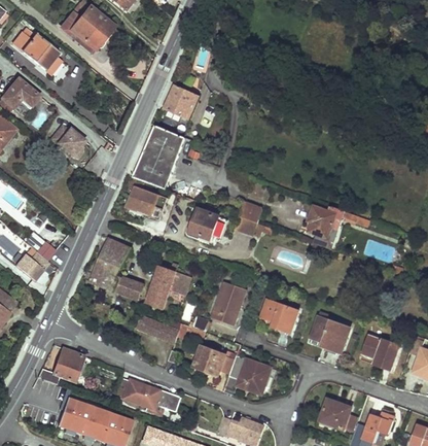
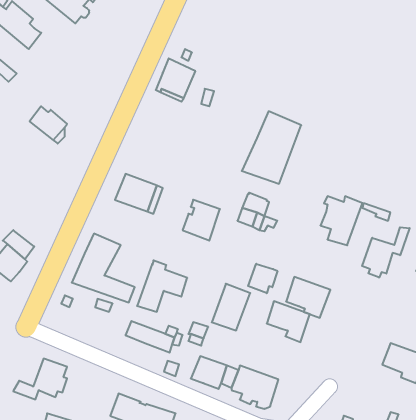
building: [133,125,185,188] -> [242,111,301,184]
building: none -> [362,227,410,278]
building: none -> [248,264,277,293]
building: [311,316,350,352] -> [286,277,330,318]

